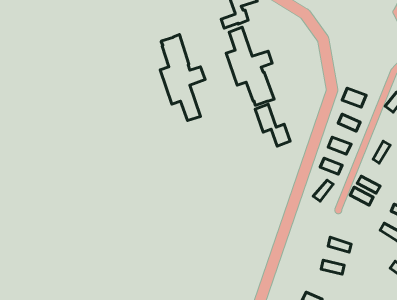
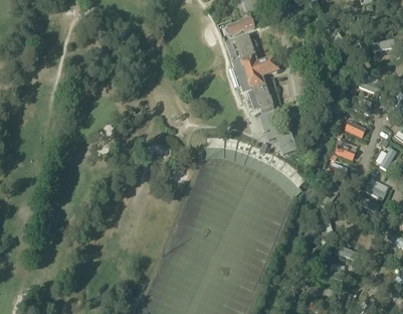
building: [160,35,205,120] -> none

